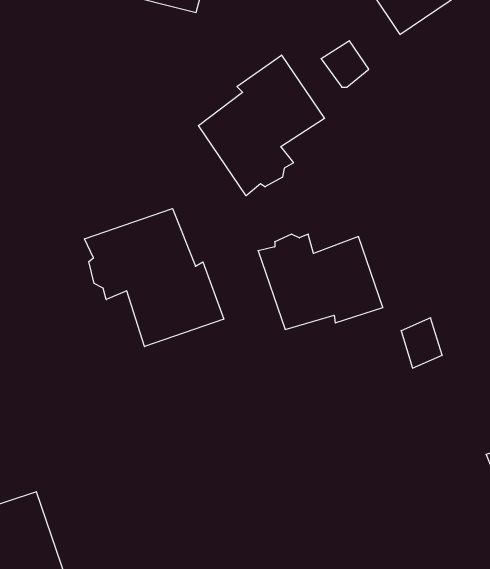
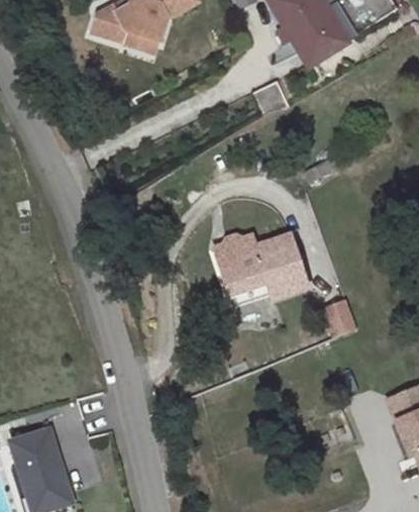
building: [198,55,325,196] -> none
building: [85,209,224,347] -> none

